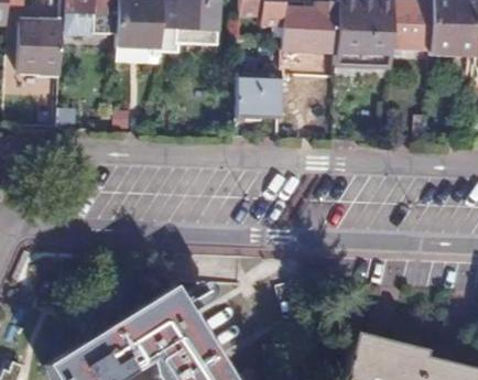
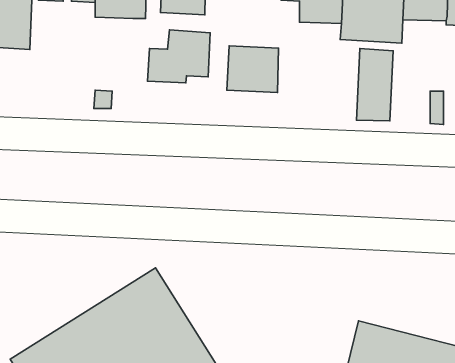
building: none -> [147,30,210,83]
building: none -> [356,48,393,121]

